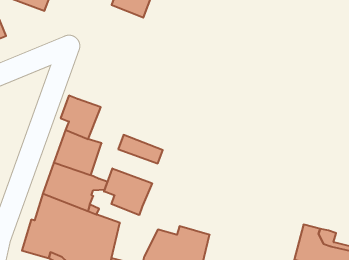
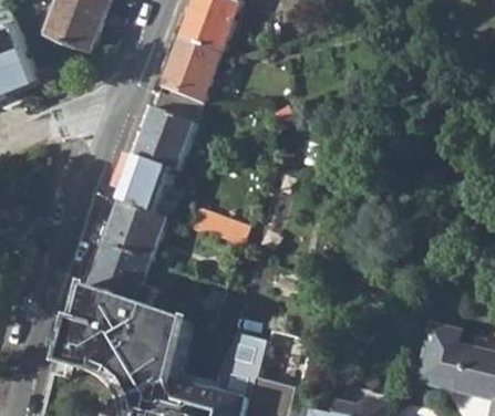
building: none -> [159,38,219,103]
building: none -> [132,94,198,181]
building: [104,168,152,215] -> none

